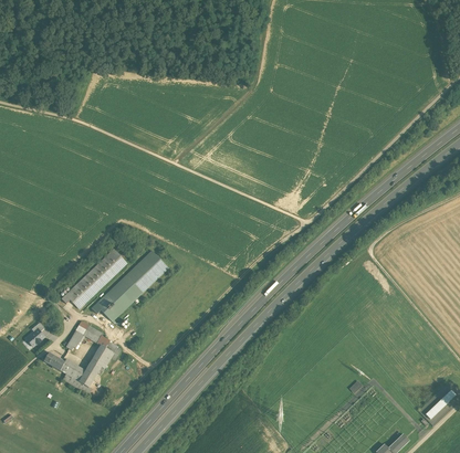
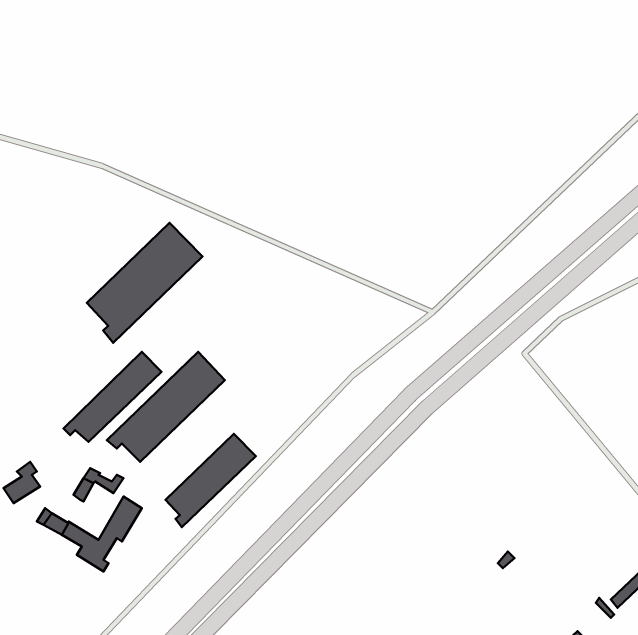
building: none -> [87,223,203,343]
building: none -> [166,434,256,527]

